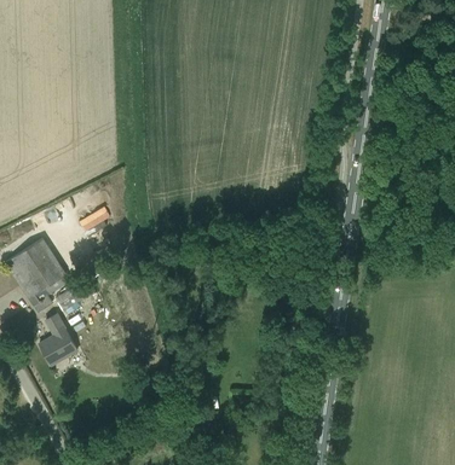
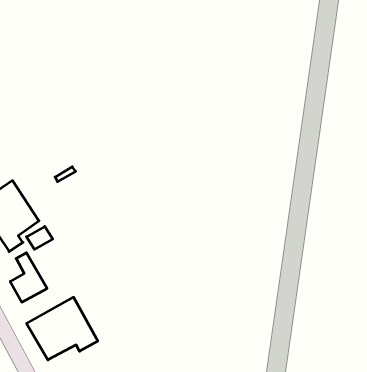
building: none -> [27,297,98,360]

